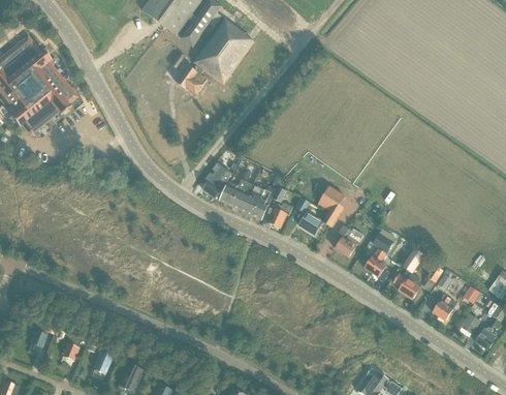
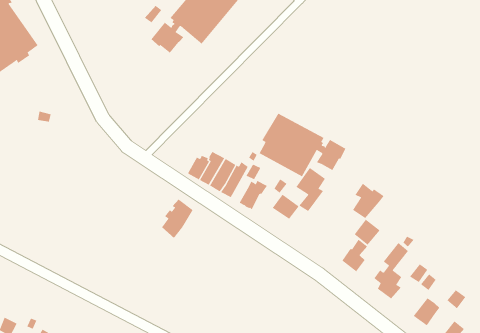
building: none -> [259,113,346,177]
building: [202,162,230,199] -> [161,199,194,239]
building: [335,224,362,256] -> [352,183,384,219]

